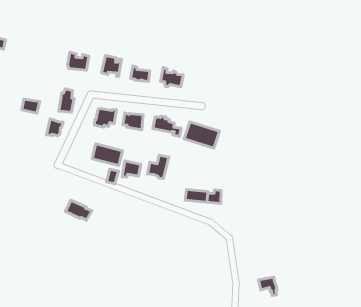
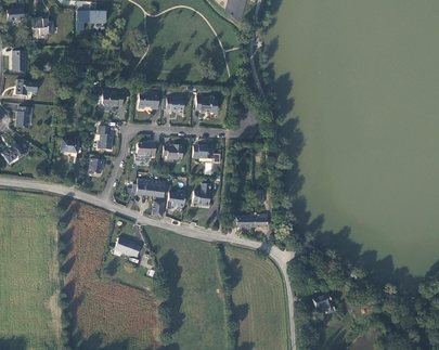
building: [184,122,219,148] -> none

